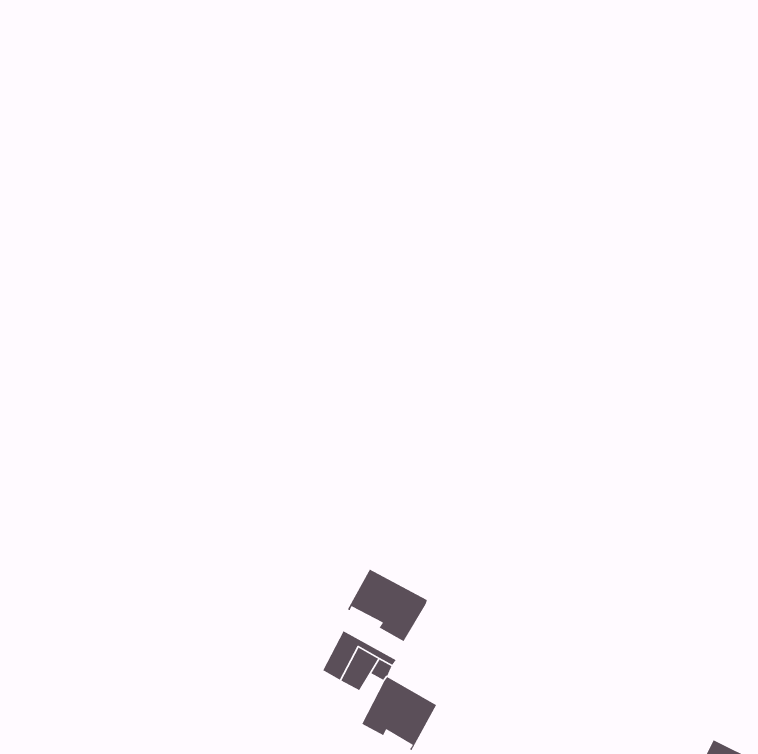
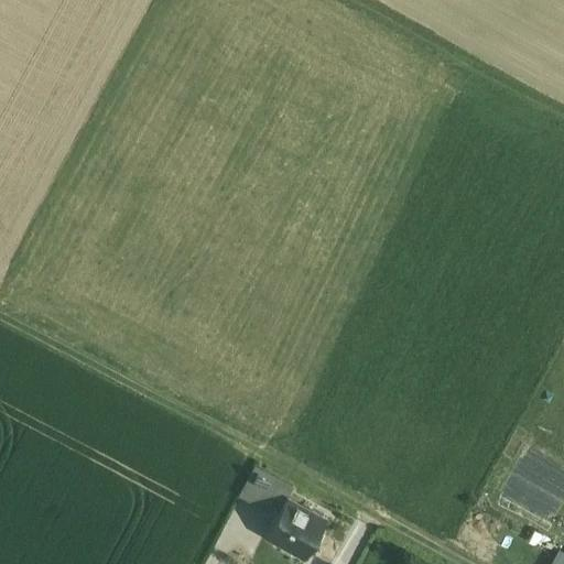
building: [347,569,428,642] -> none

